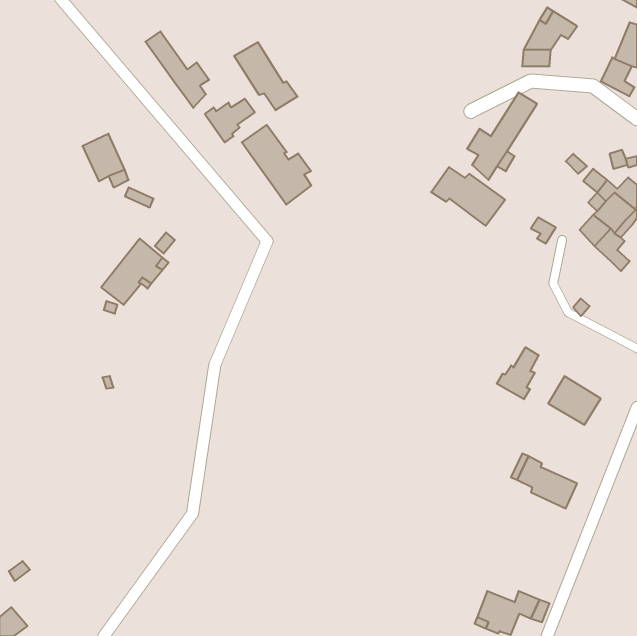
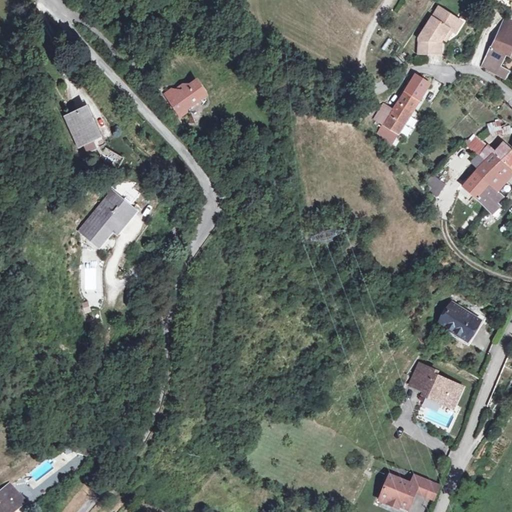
building: [145,31,209,108] -> none
building: [234,42,298,110] -> none
building: [242,125,311,205] -> none
building: [431,167,505,226] -> none
building: [497,347,539,399] -> none

